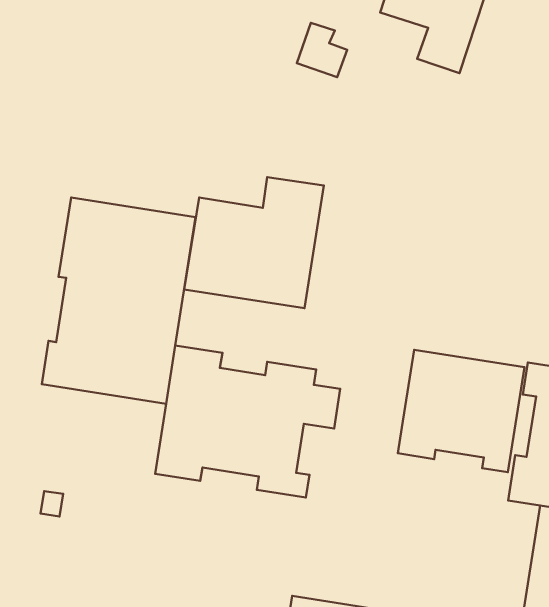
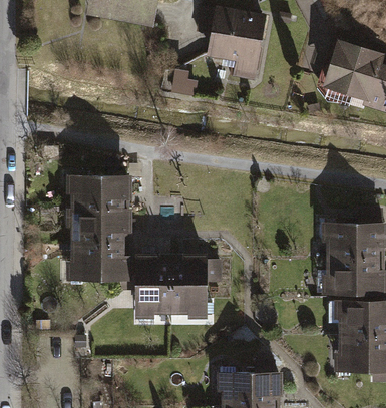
building: [184,177,324,308] -> none
building: [398,350,525,472] -> none

